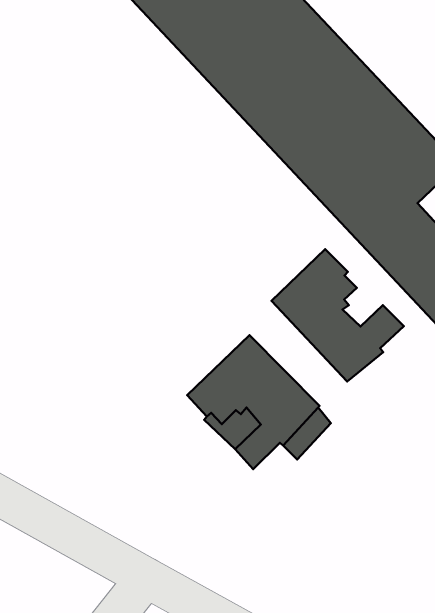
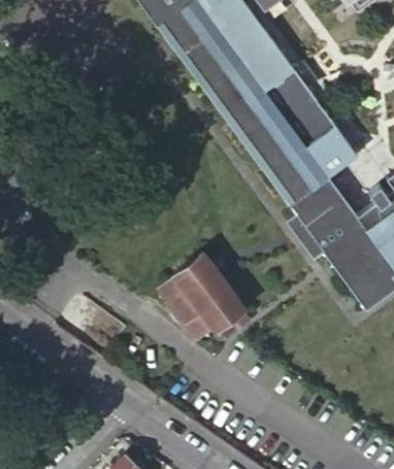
building: [271,249,404,381] -> none

